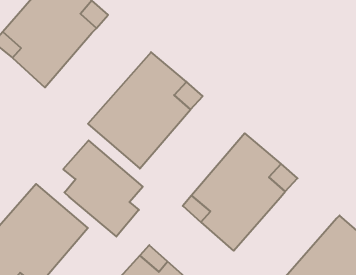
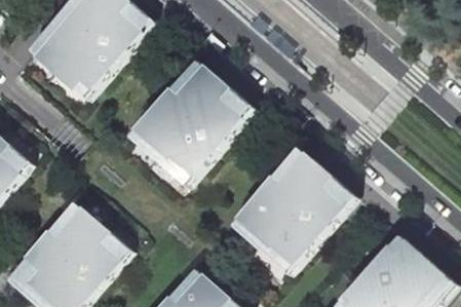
building: [63,140,143,237] -> none

